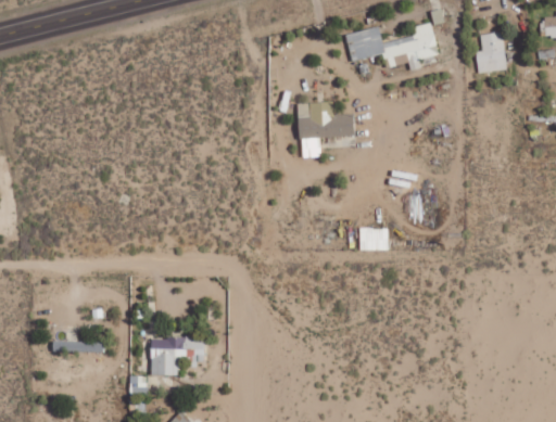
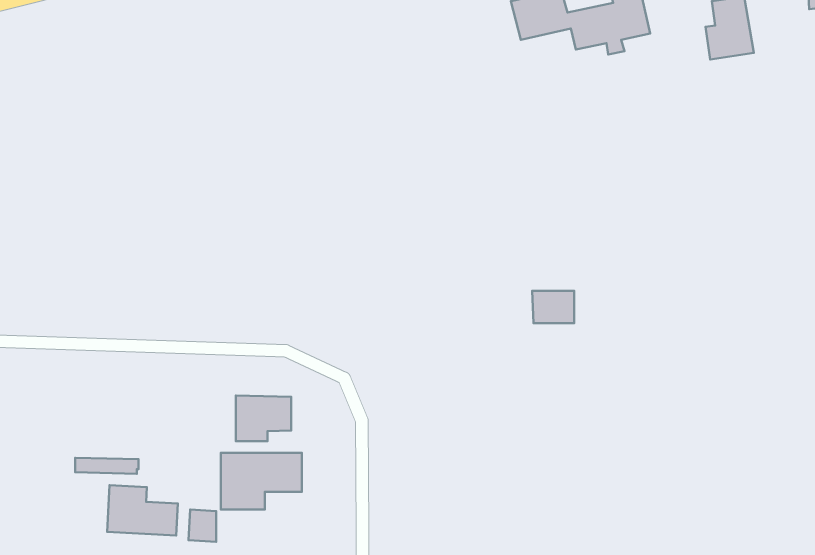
building: [298,102,354,157] -> none
building: none -> [236,395,291,441]
building: none -> [107,485,178,535]

